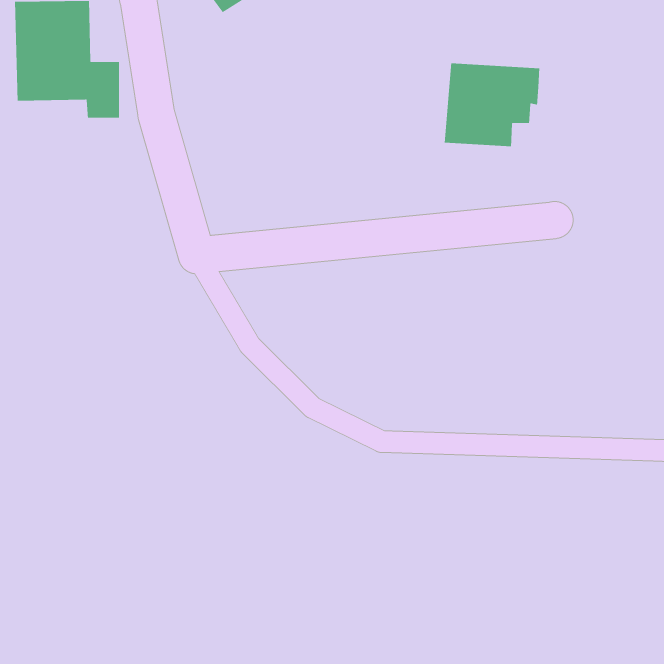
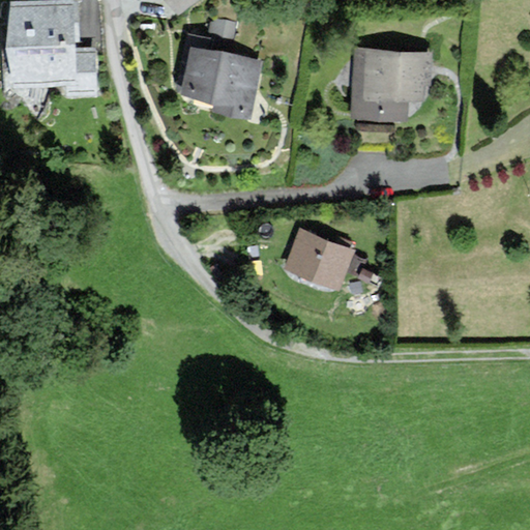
building: none -> [178,34,261,115]
building: none -> [288,232,348,285]

